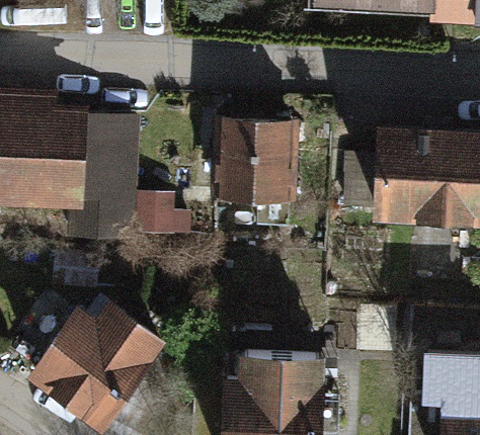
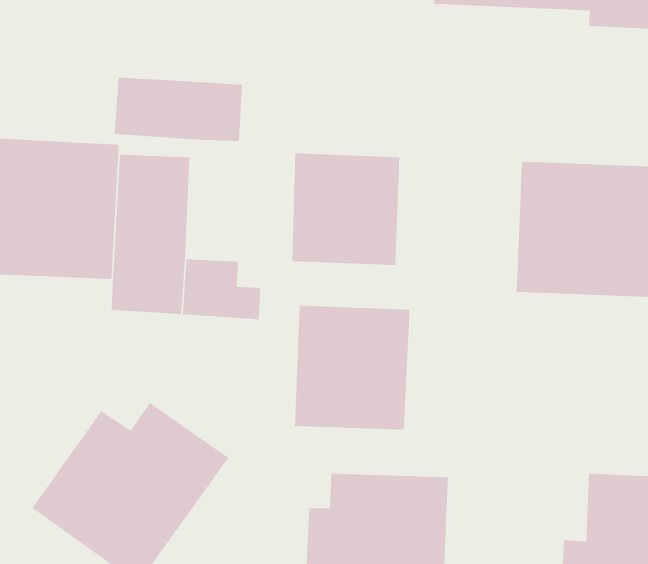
building: none -> [114,77,242,142]
building: none -> [295,305,410,430]

